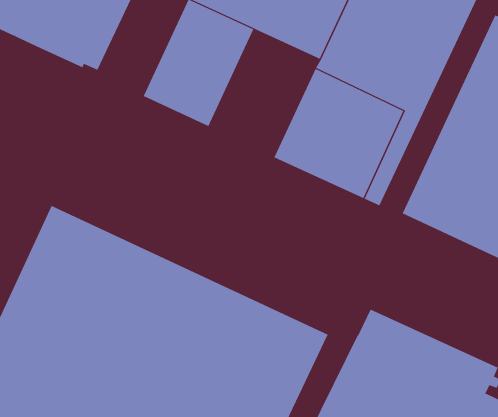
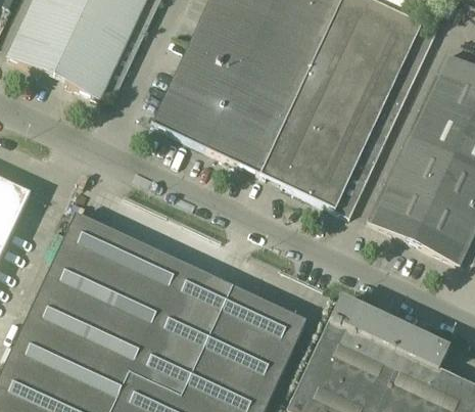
building: none -> [206,65,299,173]

